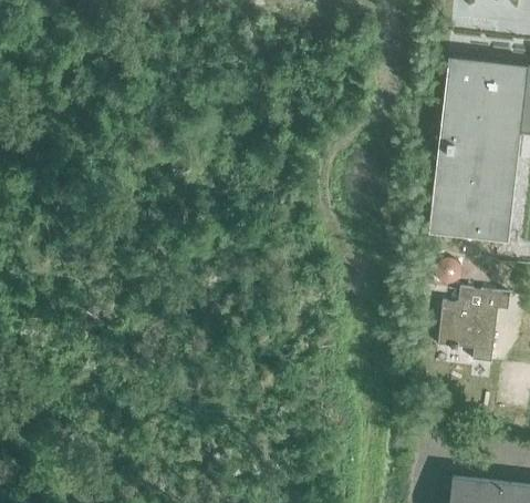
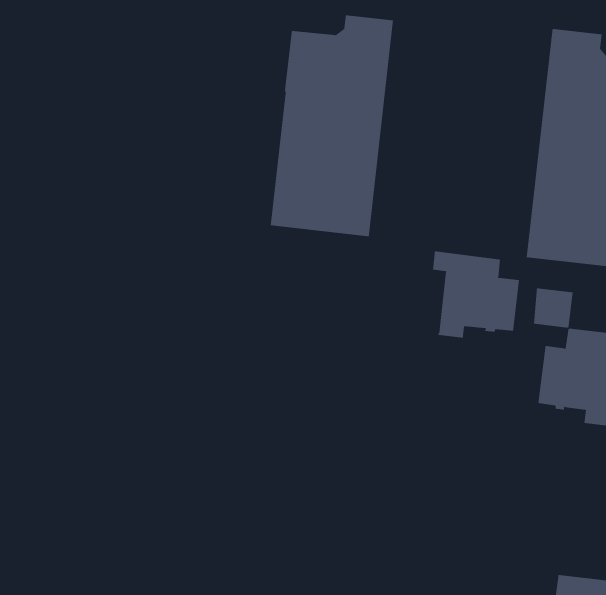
building: none -> [270,14,394,237]
building: none -> [432,251,519,339]

